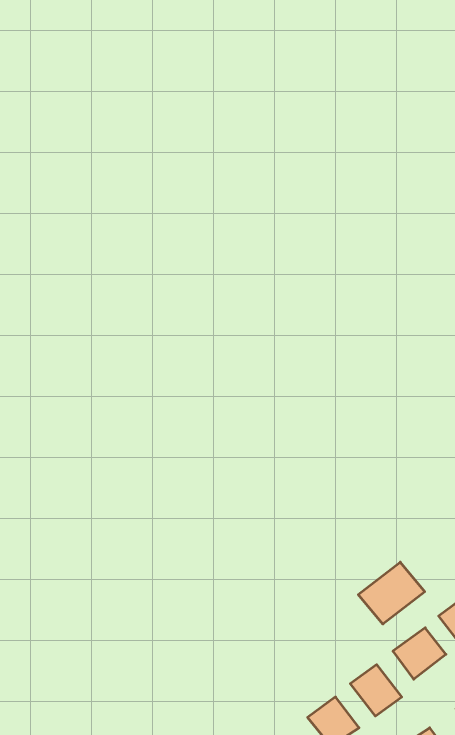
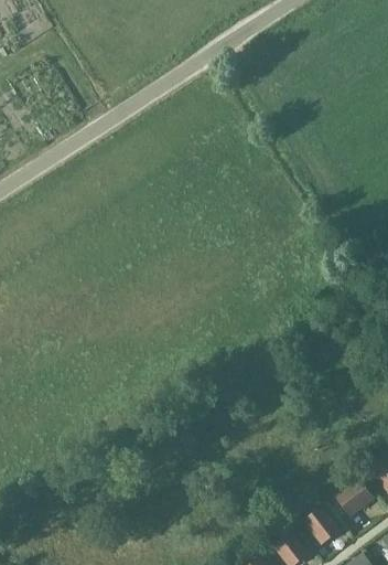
building: [358,562,425,624] -> none

